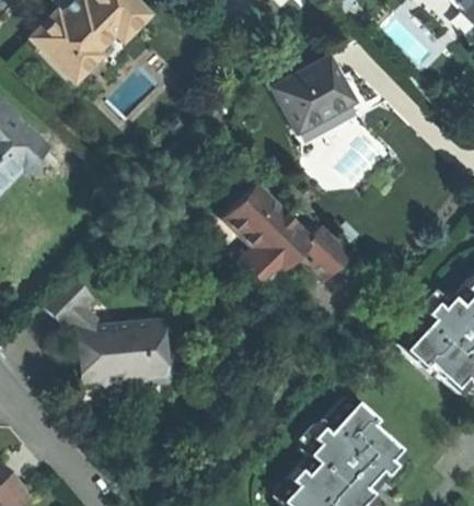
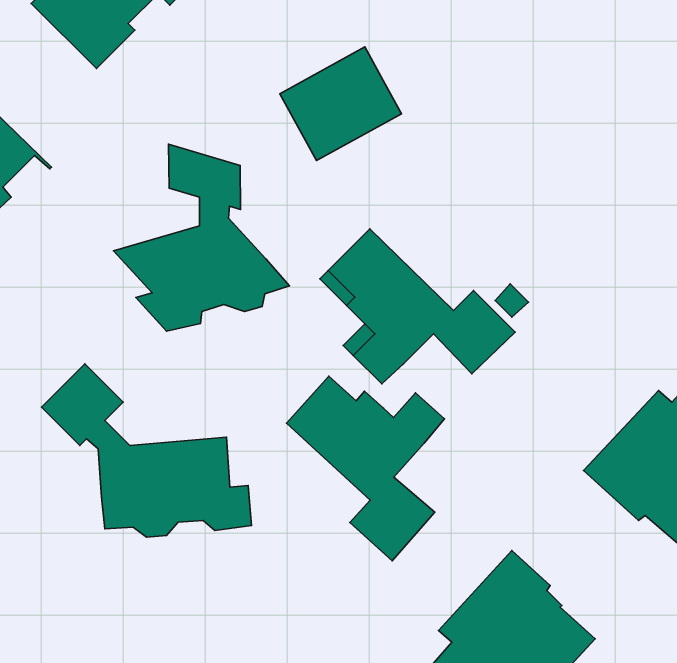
building: [276,57,356,131] -> [280,47,402,160]
building: none -> [113,144,290,331]
building: none -> [287,376,445,561]

